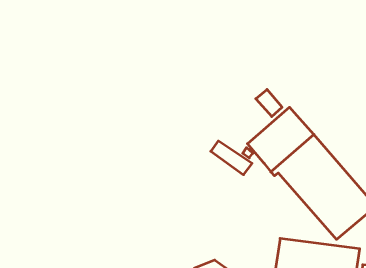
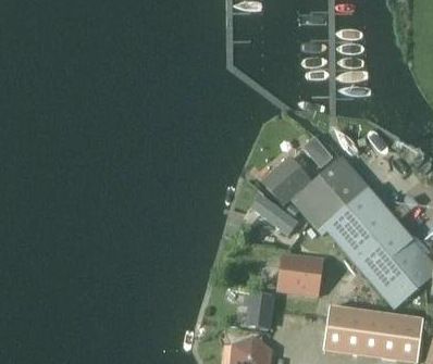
building: none -> [260,153,311,205]
building: none -> [275,251,324,294]
building: none -> [238,285,275,329]

